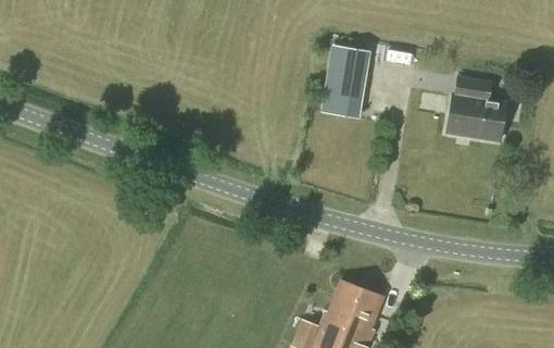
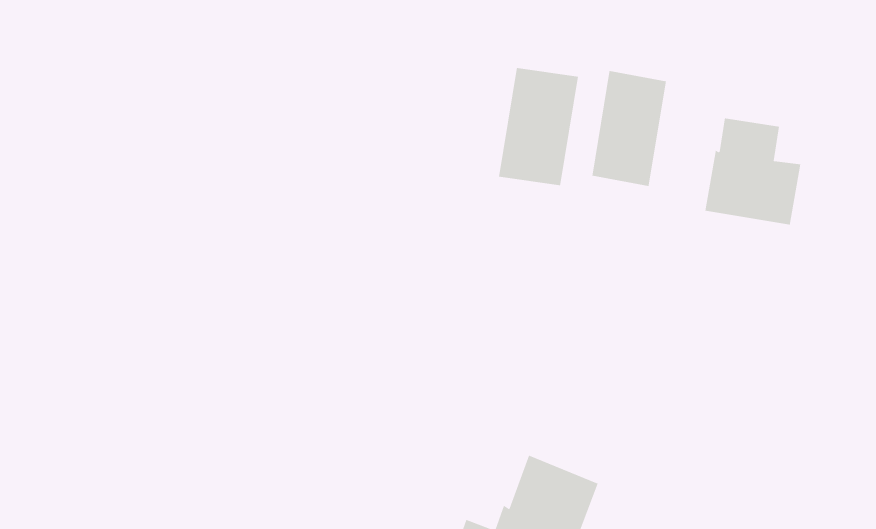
building: none -> [592,70,666,187]

